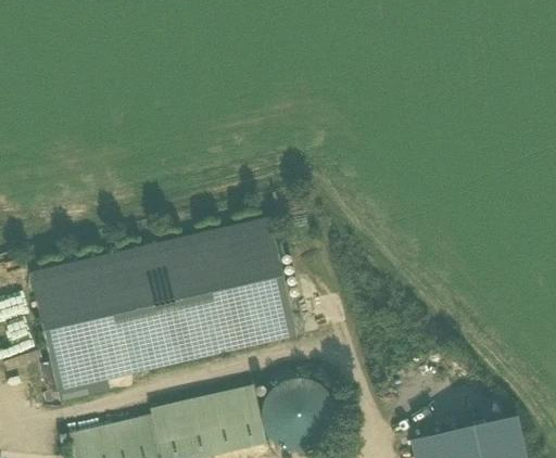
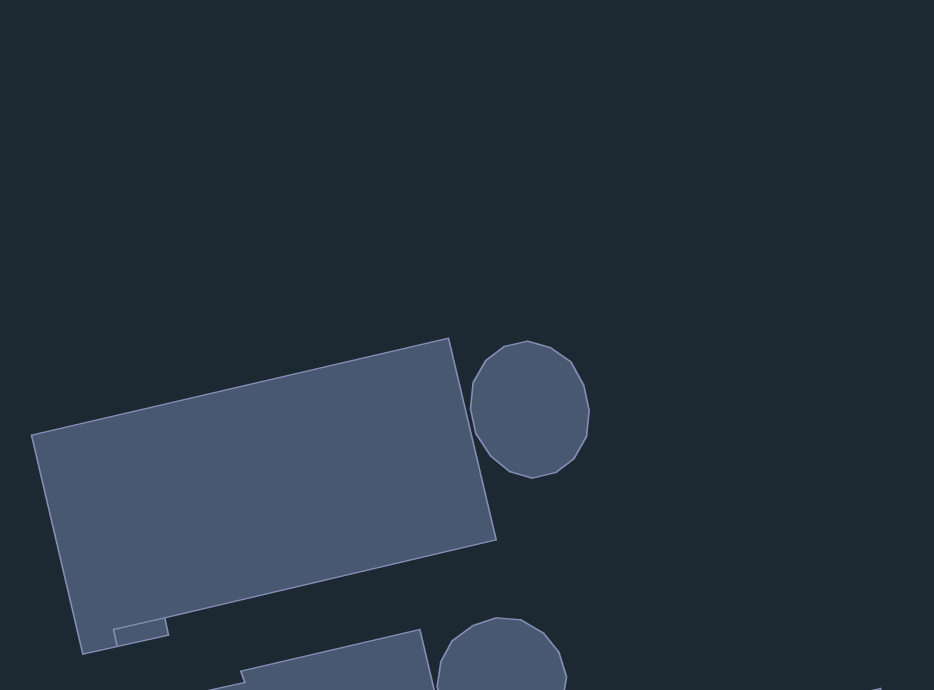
building: none -> [471,341,589,478]

